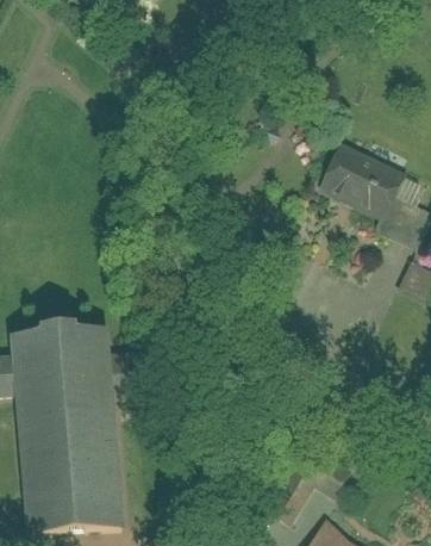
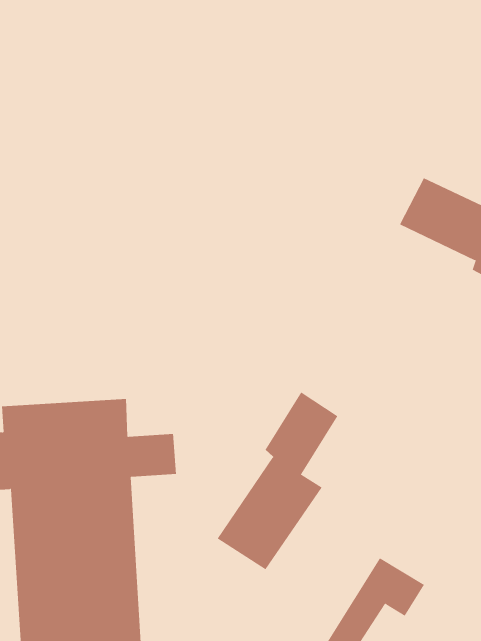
building: none -> [217,391,338,570]

